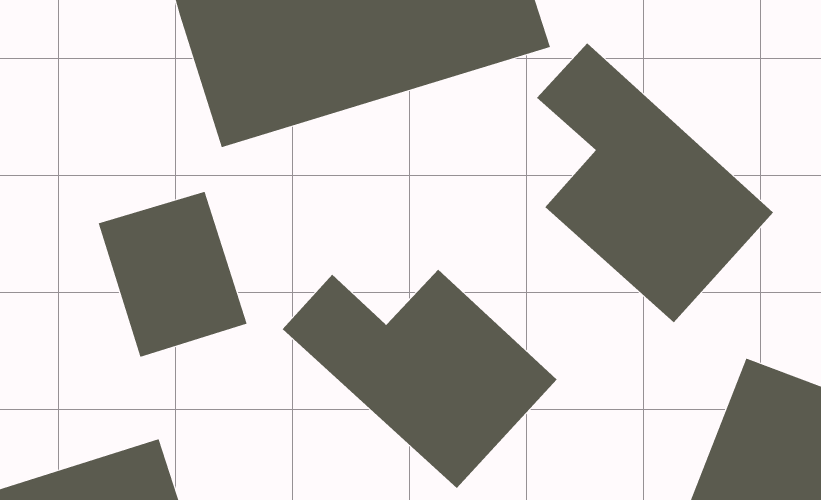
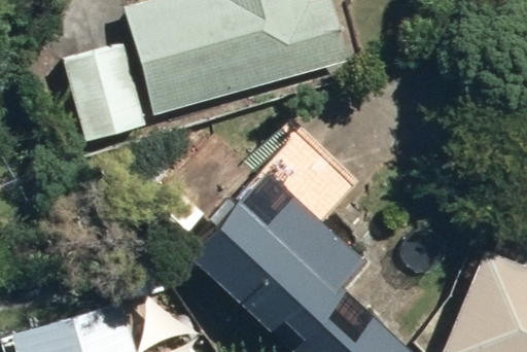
building: [536,42,774,323] -> none
building: [98,191,247,357] -> [65,39,156,141]

